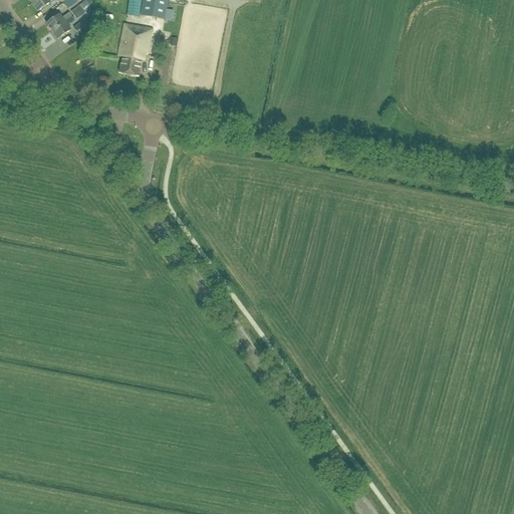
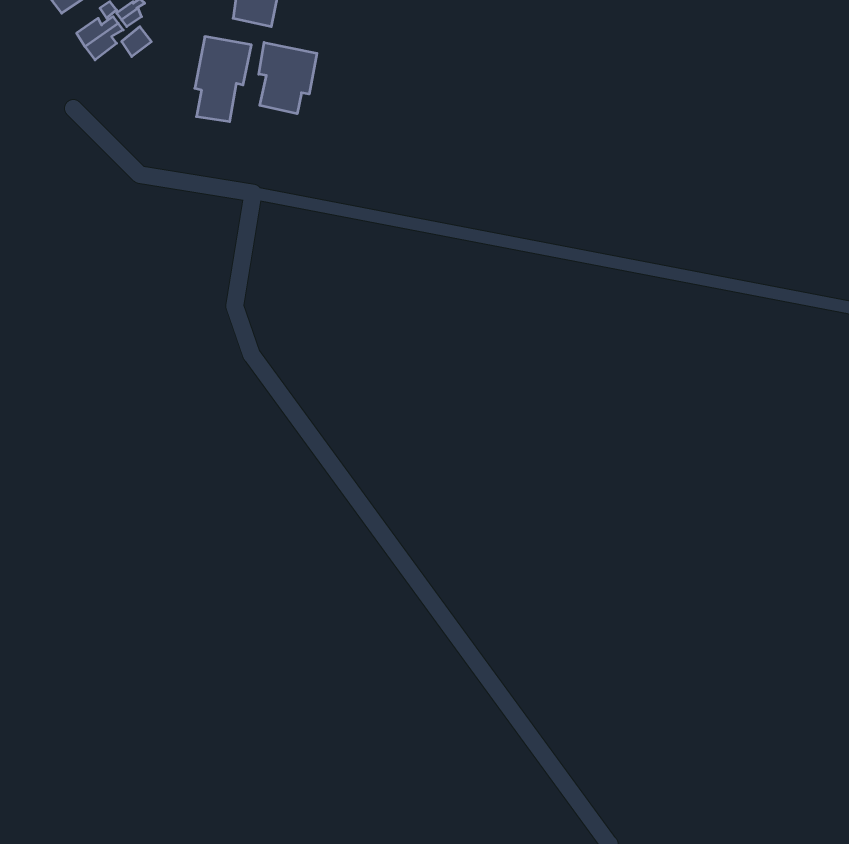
building: none -> [259,42,317,114]

